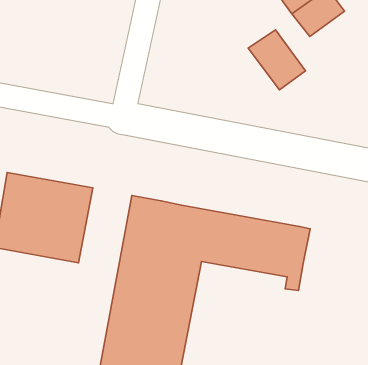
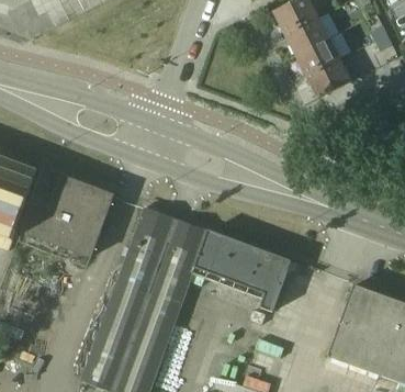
building: [248,30,305,90] -> none

